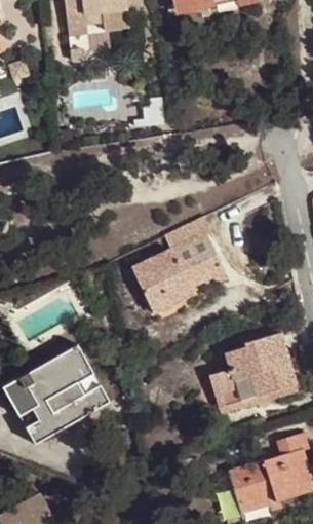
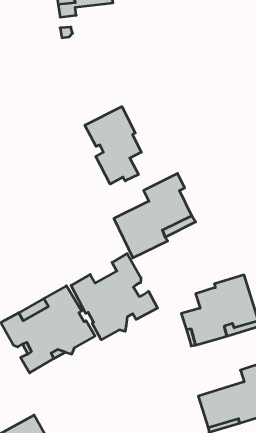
building: none -> [85,107,141,184]
building: none -> [71,254,158,340]

